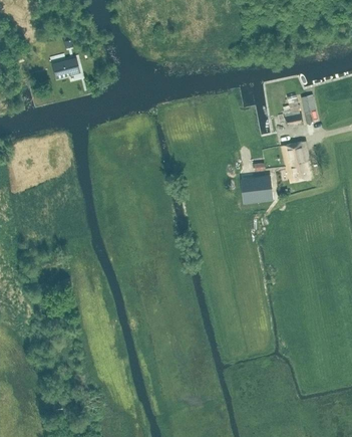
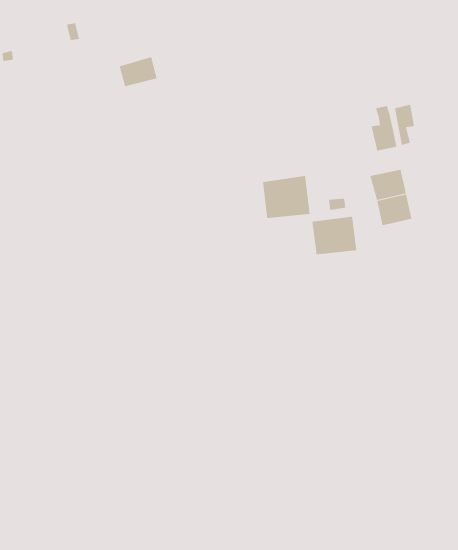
building: [50,56,78,78] -> [119,57,157,87]
building: none -> [263,175,310,219]

